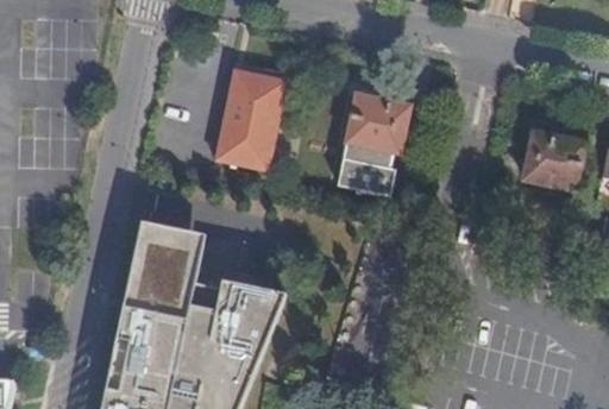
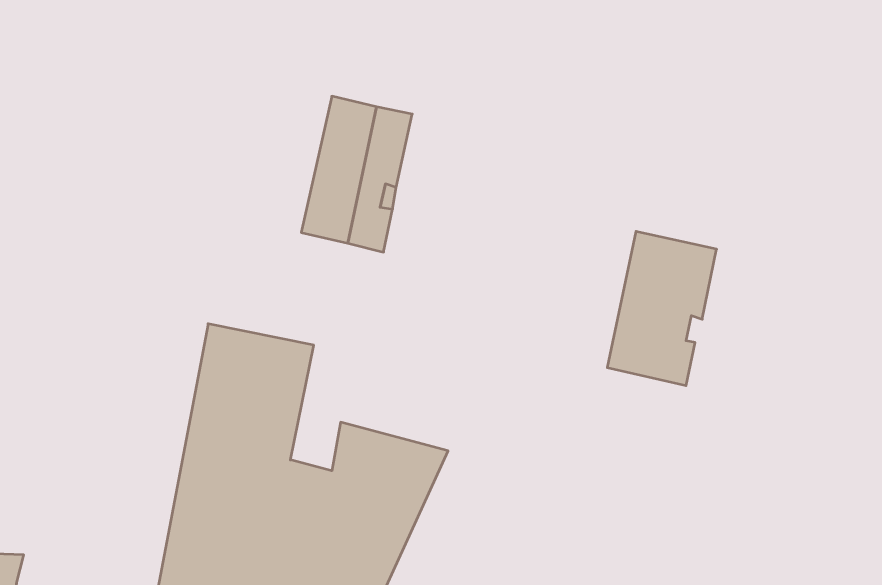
building: [327,92,400,194] -> [607,231,717,386]
building: [514,127,577,184] -> none

